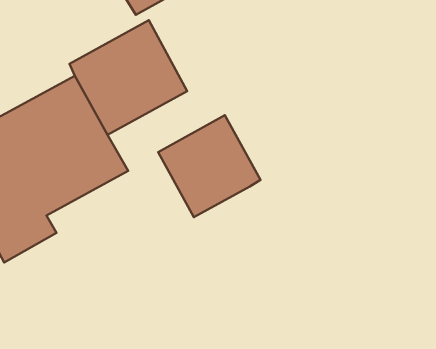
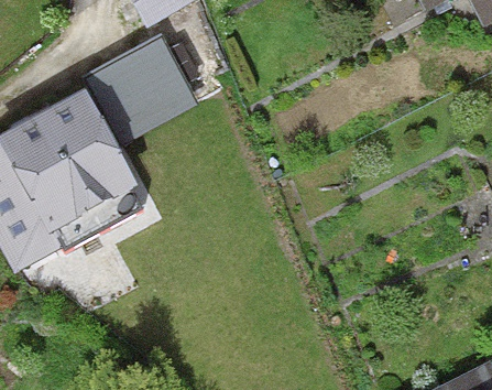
building: [158,115,260,217] -> none

